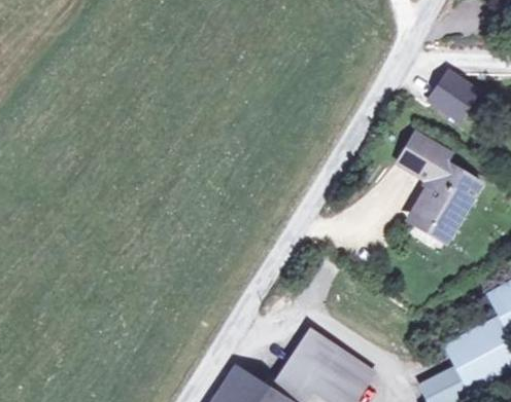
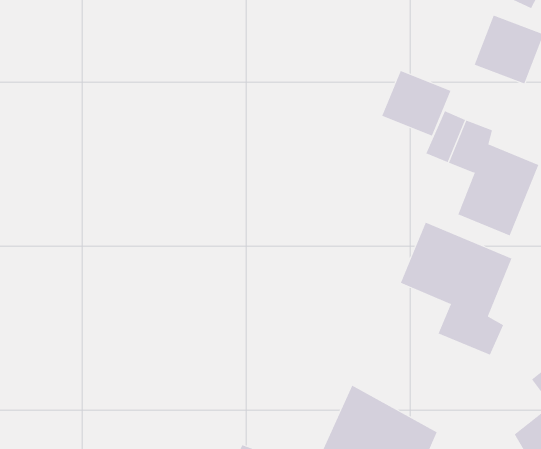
building: none -> [382,70,451,136]
building: none -> [400,222,512,355]

